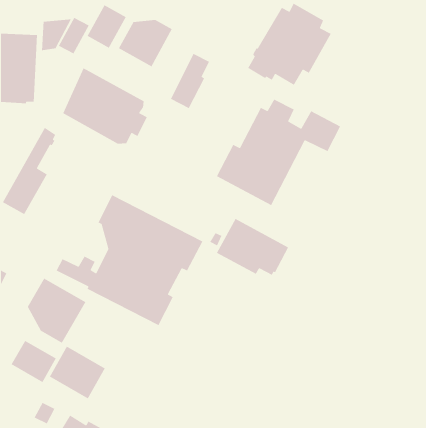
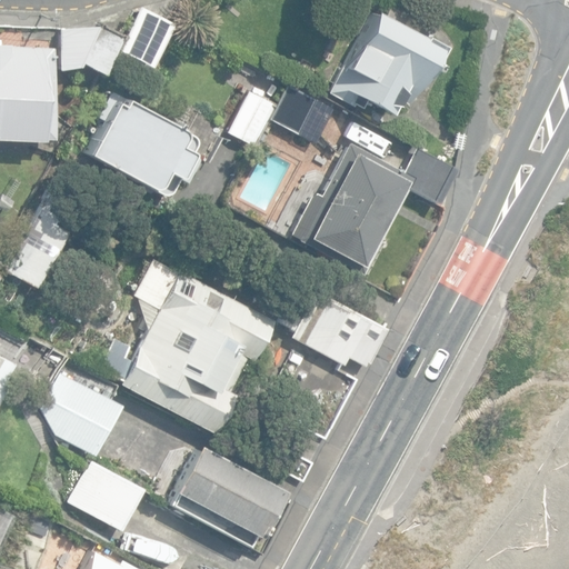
building: [118,19,173,67] -> none
building: none -> [272,87,333,143]
building: none -> [169,445,282,547]
building: [10,340,57,383] -> none

